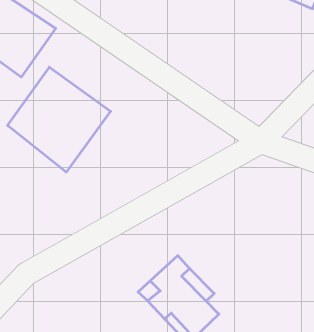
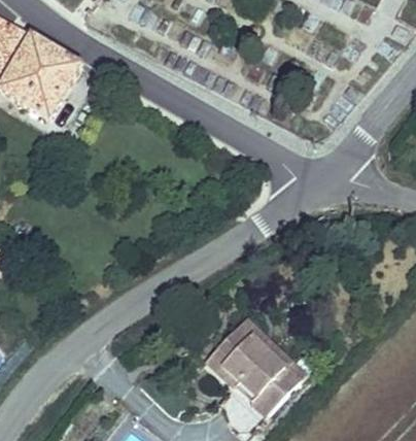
building: [8,67,111,172] -> none

